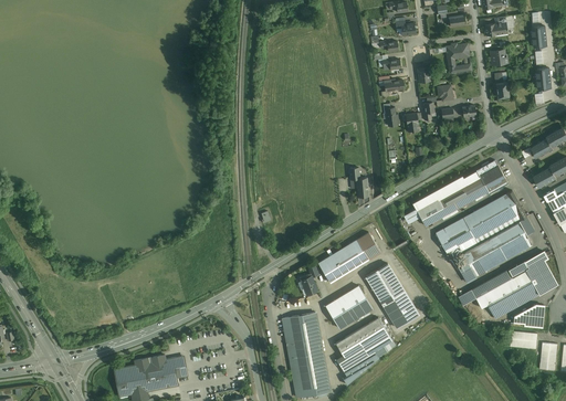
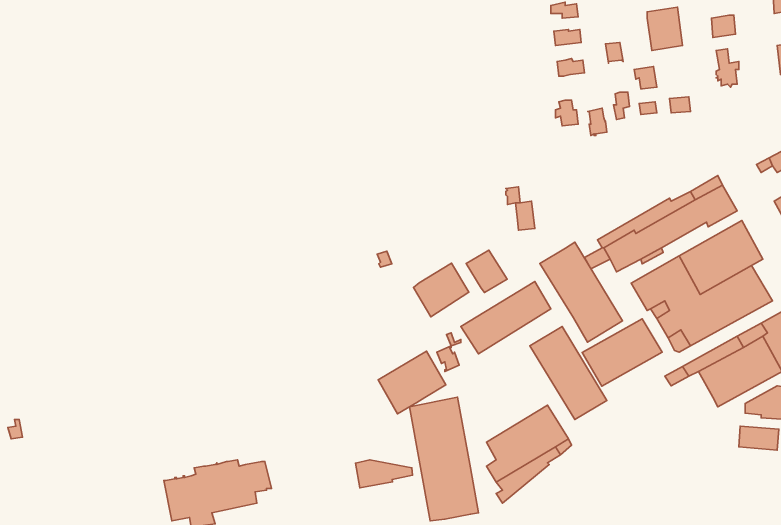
building: none -> [540,242,623,342]
building: none -> [466,250,507,293]
building: none -> [413,263,469,317]
building: none -> [582,319,662,386]
building: [326,285,373,328] -> [378,351,446,414]
building: none -> [356,460,413,488]

